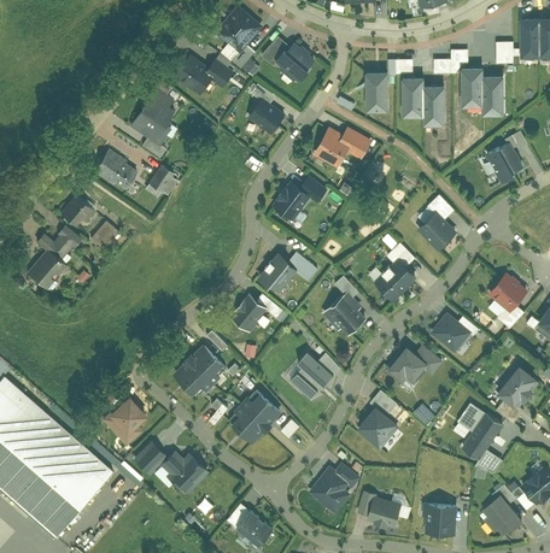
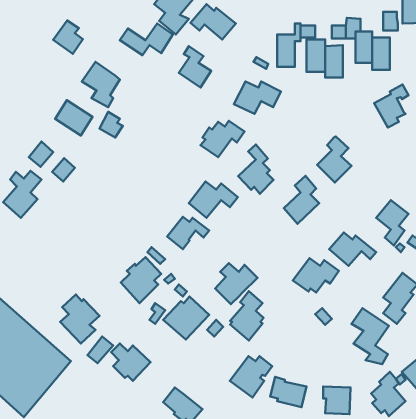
building: [142,80,179,120] -> [53,20,83,54]
building: [322,276,365,336] -> [238,145,274,194]
building: [357,390,398,451] -> [230,291,264,340]

